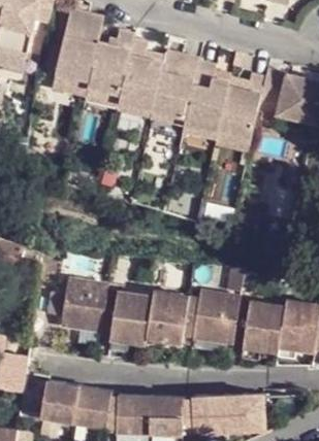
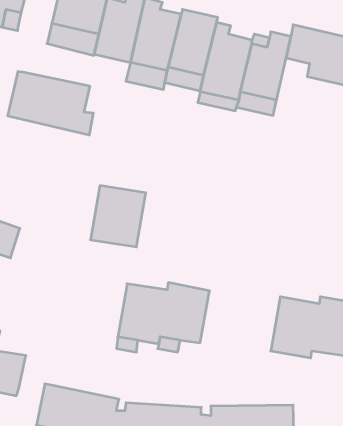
building: none -> [8,71,93,135]
building: [61,276,109,330] -> [90,186,146,247]
building: [194,293,242,345] -> none

